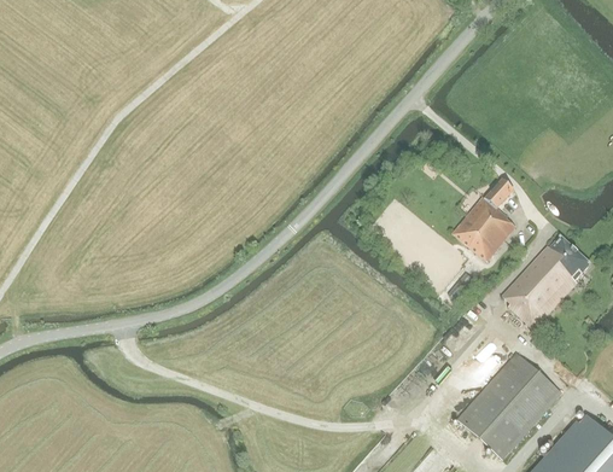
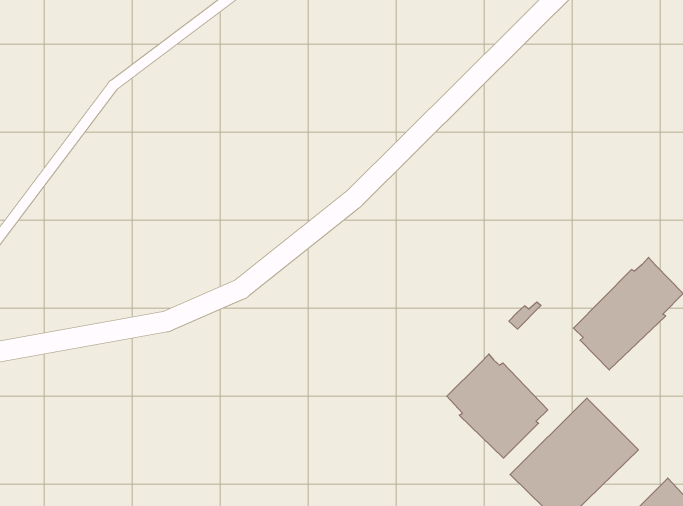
building: [451,179,515,261] -> none
building: none -> [447,354,548,458]

